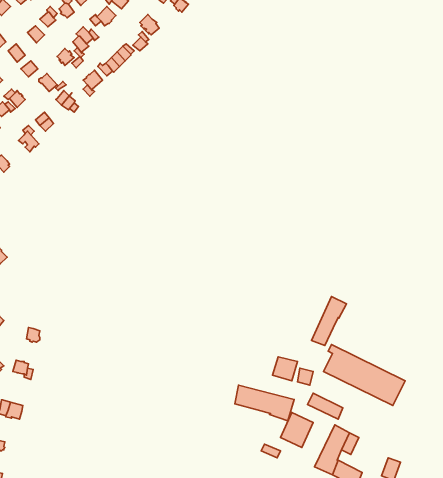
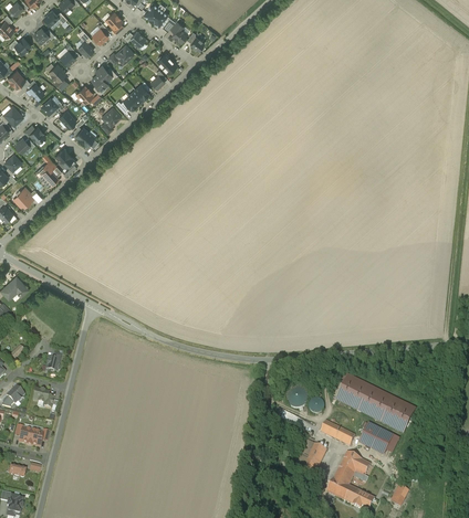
building: [312,296,347,346] -> none
building: [235,385,294,421] -> none
building: none -> [358,423,394,455]

